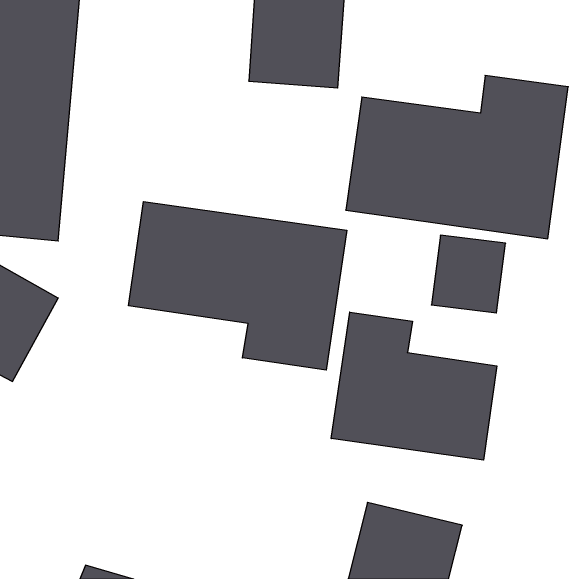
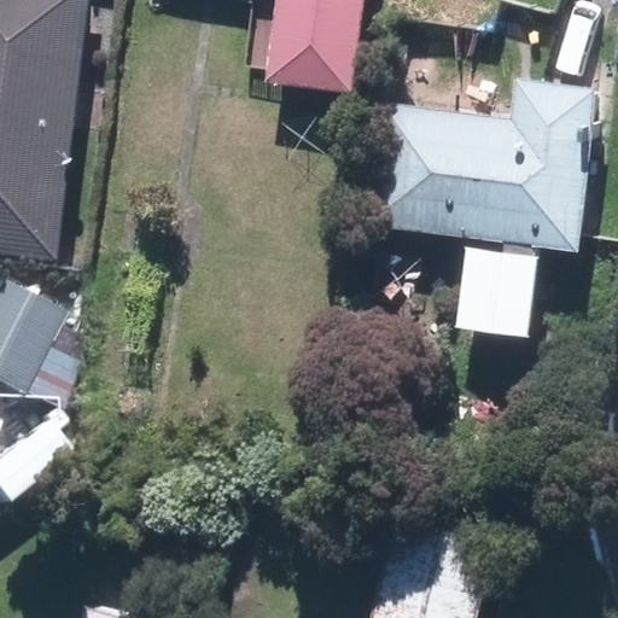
building: [129,202,347,370] -> none
building: [331,312,497,460] -> none

